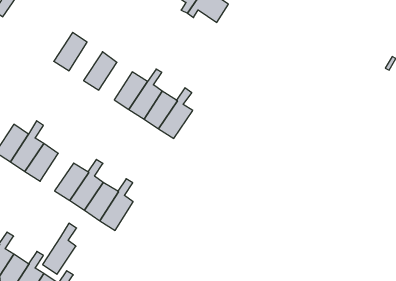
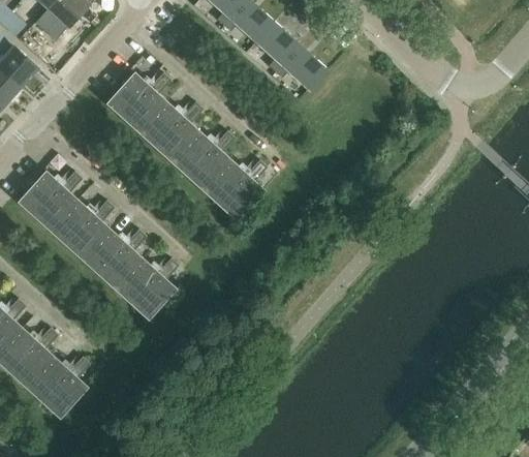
building: none -> [123,74,169,132]
building: none -> [155,103,201,161]
building: [43,223,77,274] -> [67,201,115,260]

